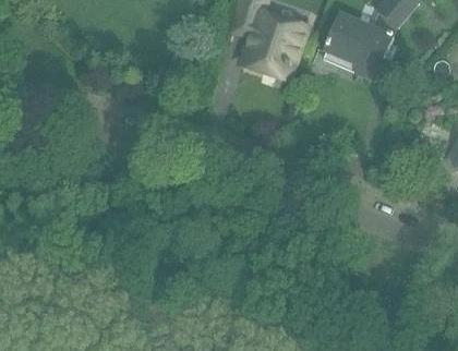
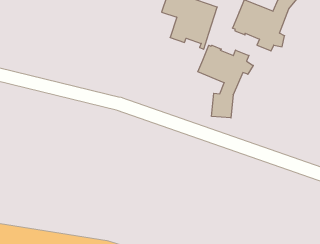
building: none -> [198,45,253,118]

